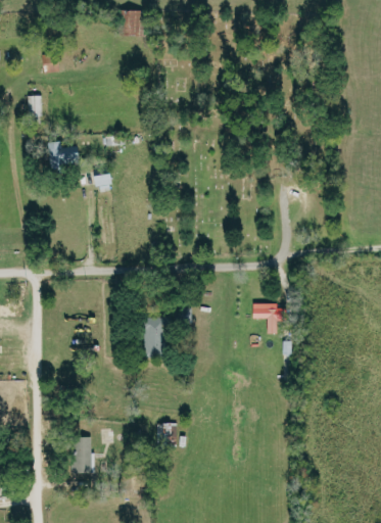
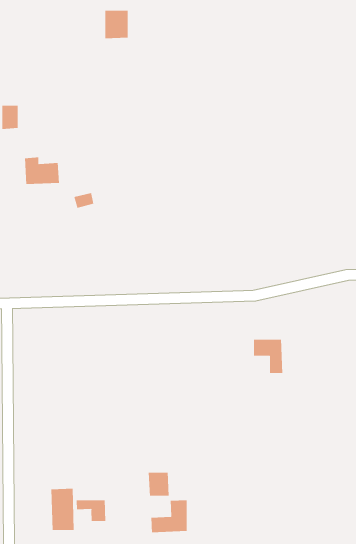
building: [141,317,160,355] -> none
building: none -> [151,499,187,533]
building: none -> [76,500,106,522]

